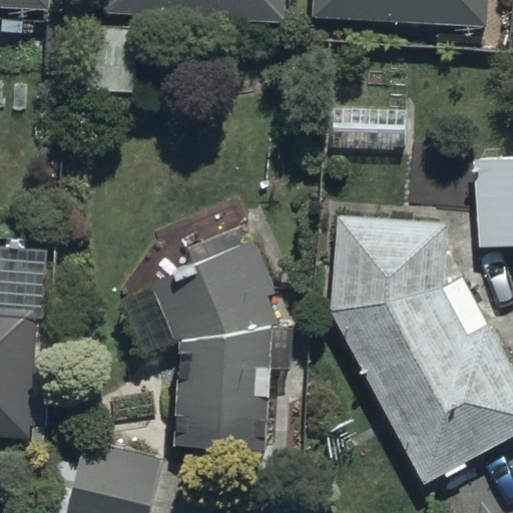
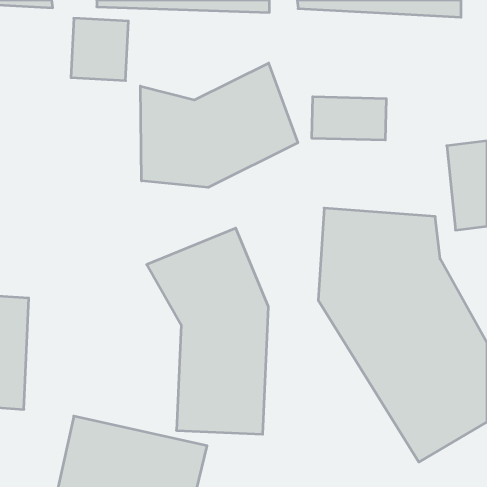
building: none -> [140,63,298,187]

